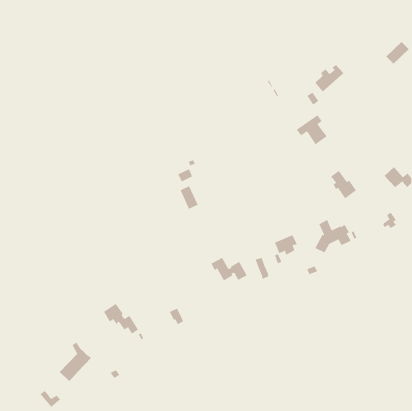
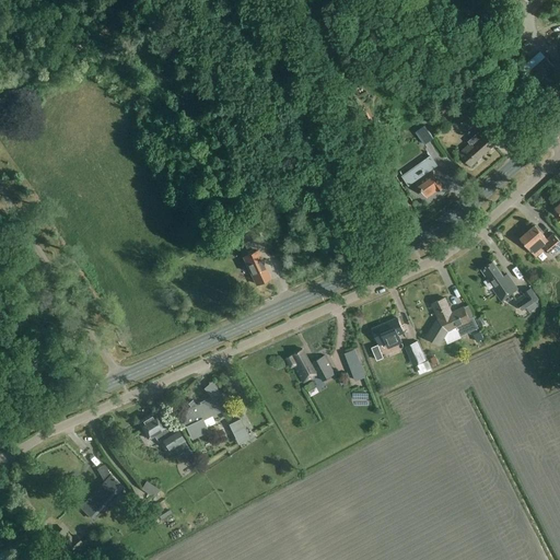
building: [314,64,344,93] -> [460,128,501,166]
building: [330,170,357,199] -> [481,261,517,301]
building: none -> [182,393,226,436]

